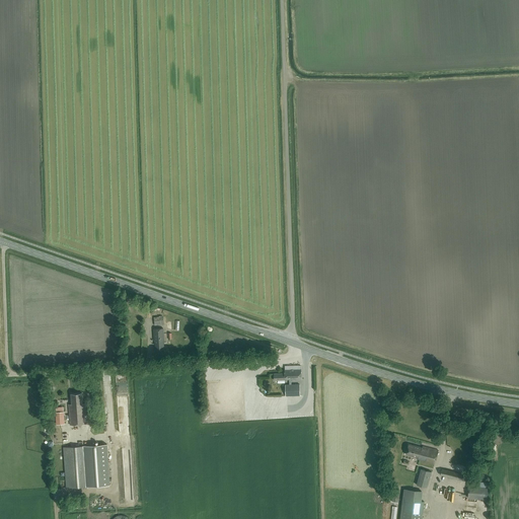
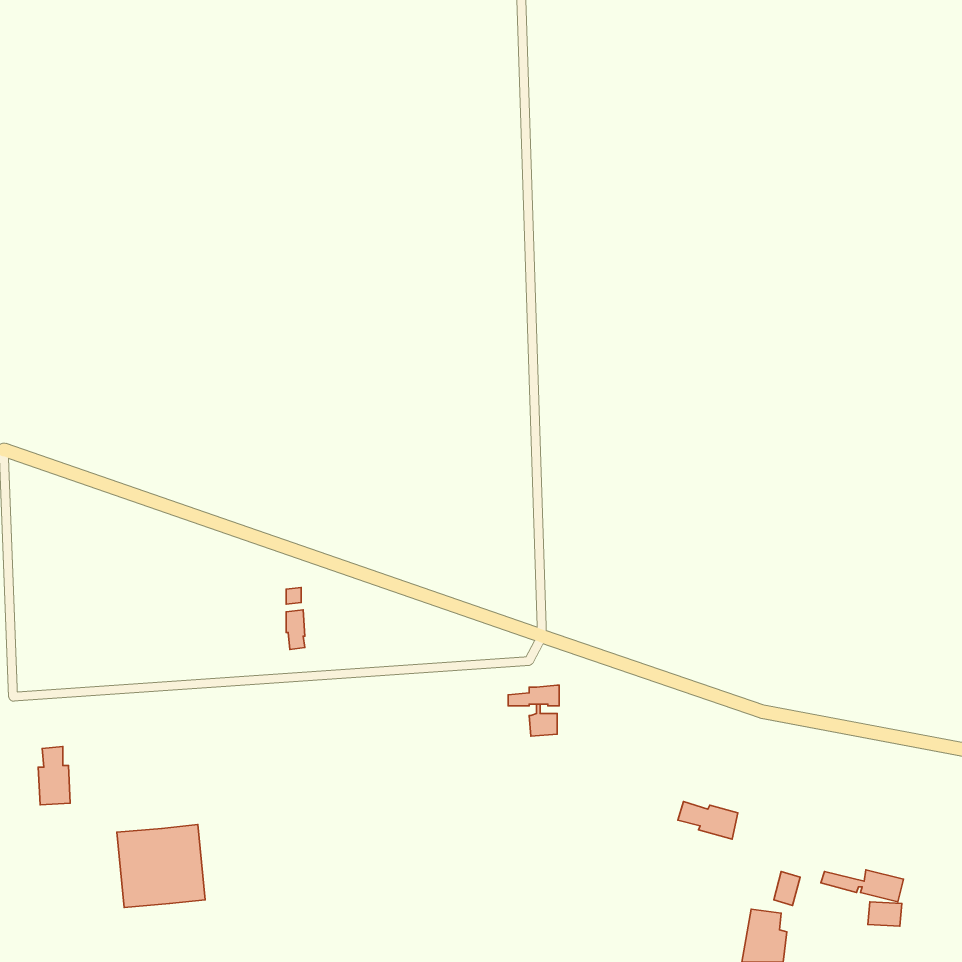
building: [69,393,86,425] -> [38,747,70,805]
building: [405,444,438,464] -> [678,801,738,839]

